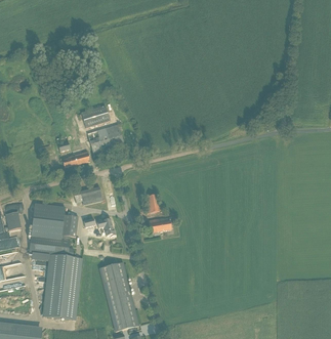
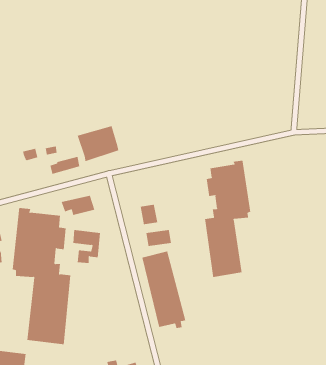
building: [80,103,109,126] -> none
building: none -> [205,160,251,278]
building: [98,261,138,331] -> [141,251,186,328]

